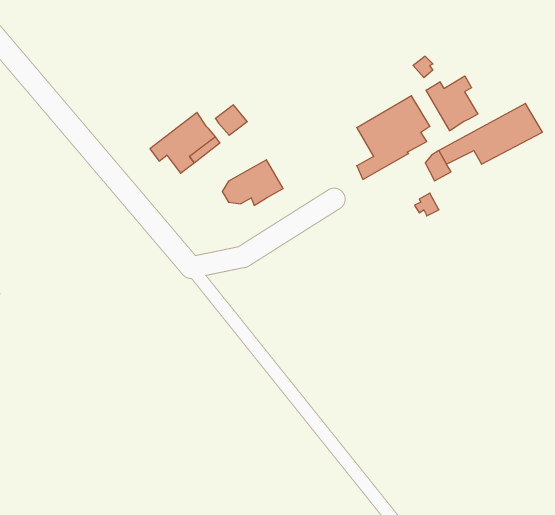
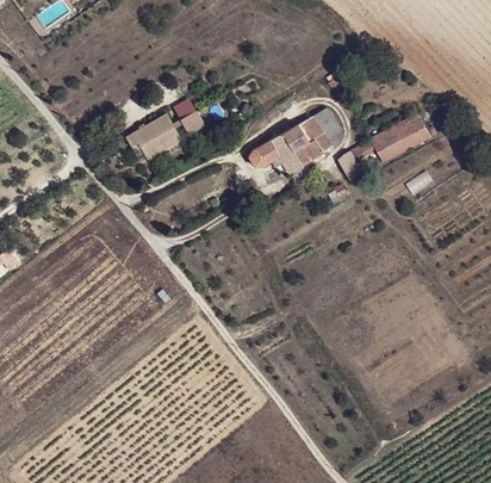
building: [426,76,478,131] -> none
building: [222,160,283,205] -> [250,131,298,167]

